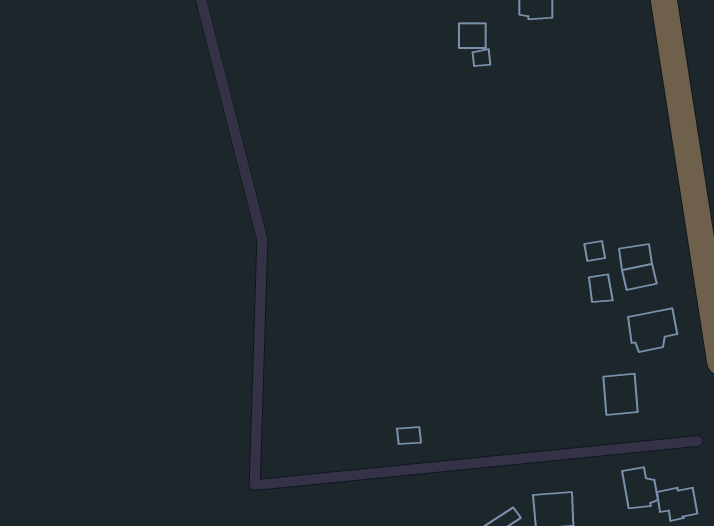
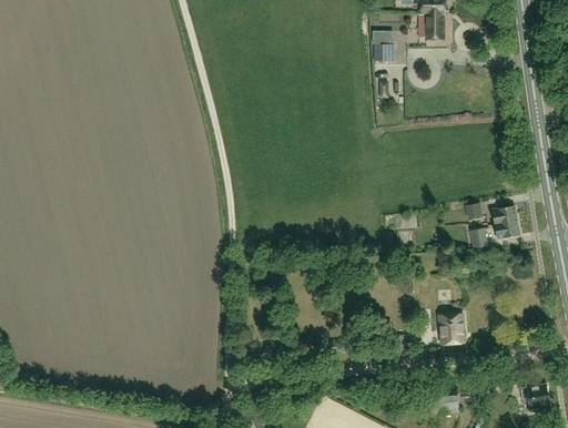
building: [628,308,677,352] -> none
building: [603,374,638,415] -> [438,314,464,344]
building: [622,467,658,508] -> none

